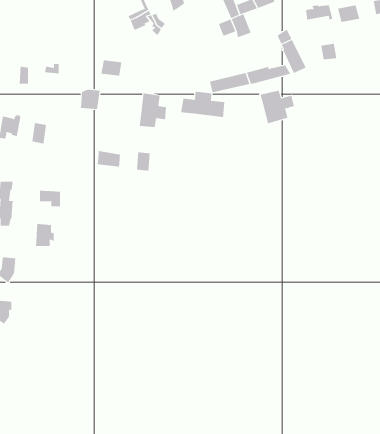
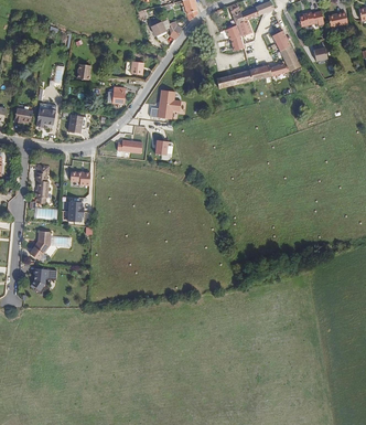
building: [260,90,294,124] -> none
building: [180,91,225,118] -> none

